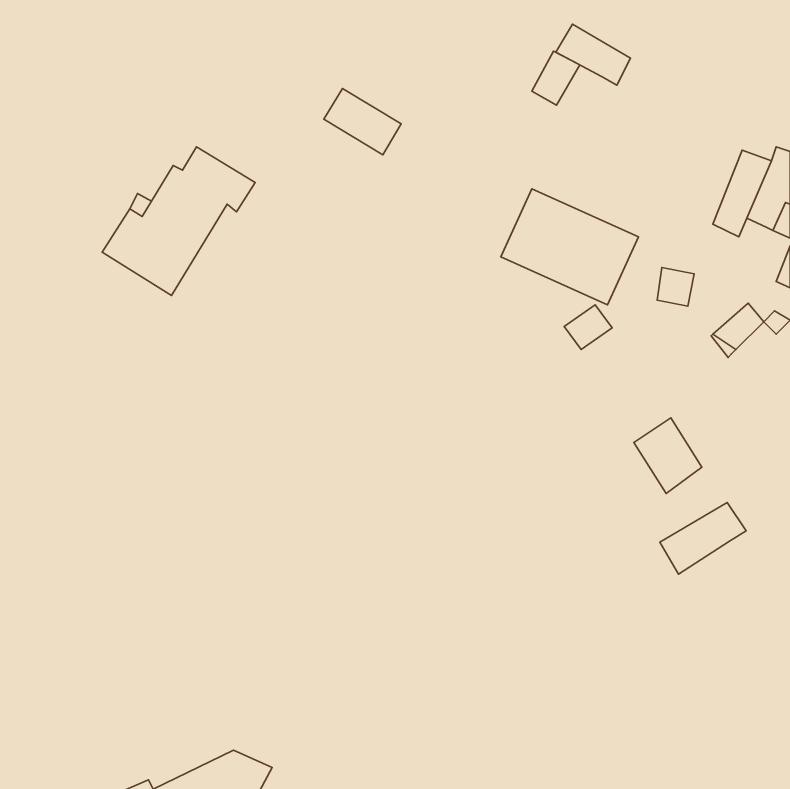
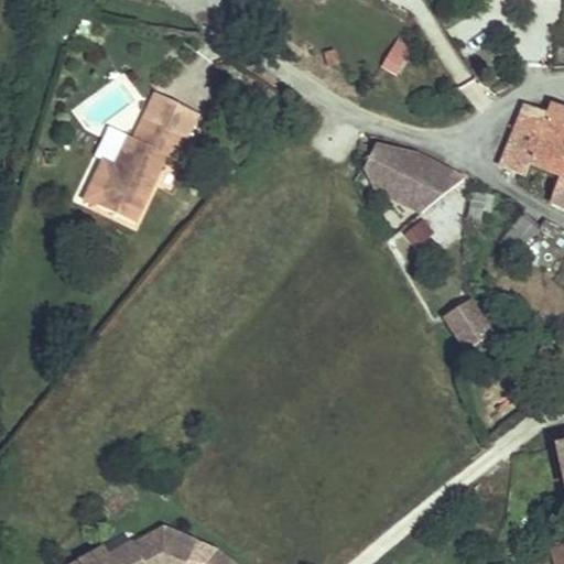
building: [556,24,630,85] -> none
building: [324,88,401,155] -> [140,84,195,131]
building: [660,503,746,574] -> none

